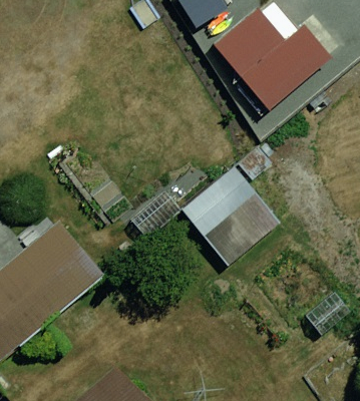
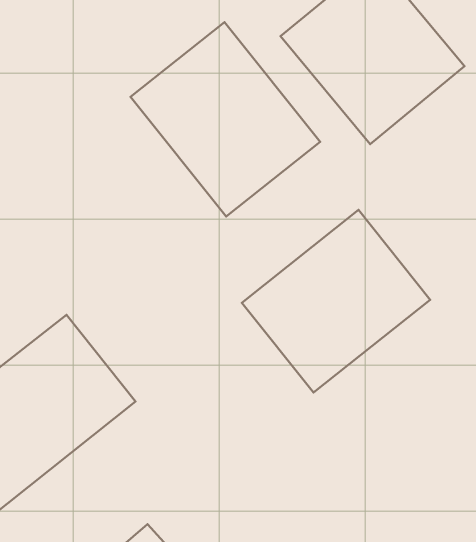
building: none -> [131,22,320,217]

